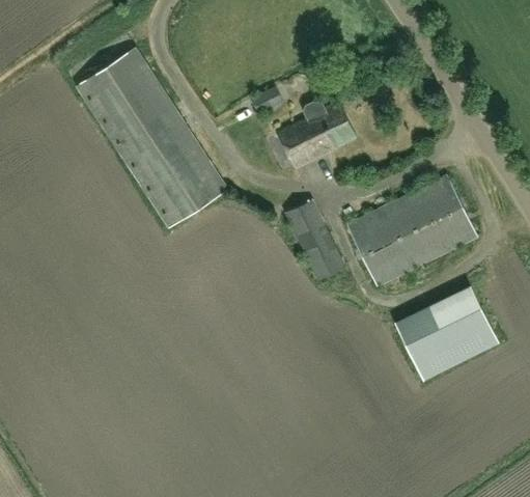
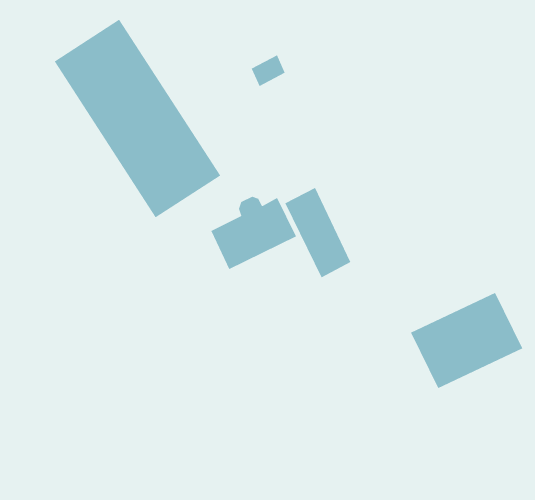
building: [278,100,356,166] -> [211,196,297,270]
building: [347,177,476,284] -> none

